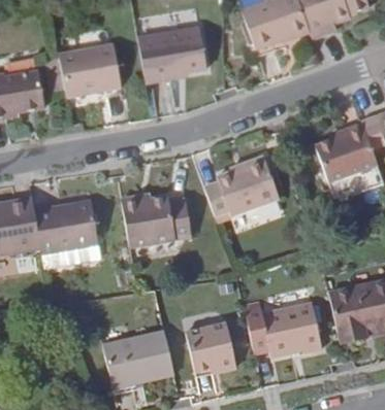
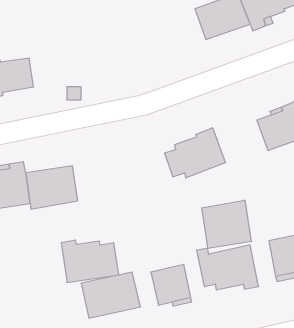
building: [138,28,205,83] -> none
building: [61,43,132,97] -> none
building: [123,197,193,248] -> [61,240,119,283]
building: none -> [202,200,251,248]

